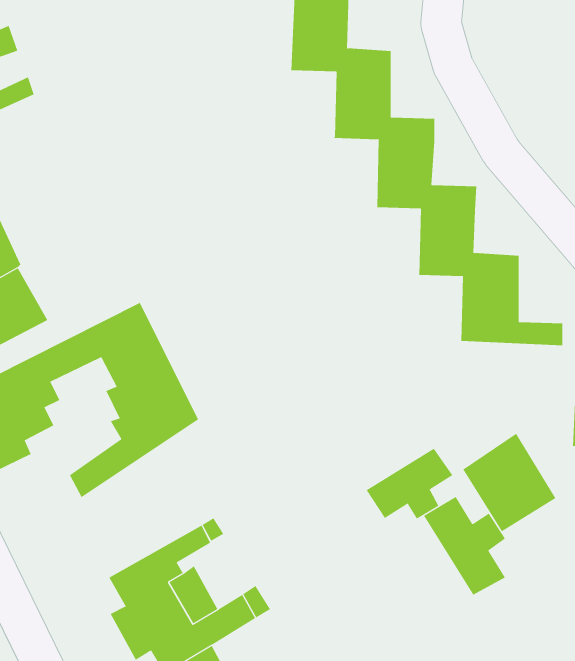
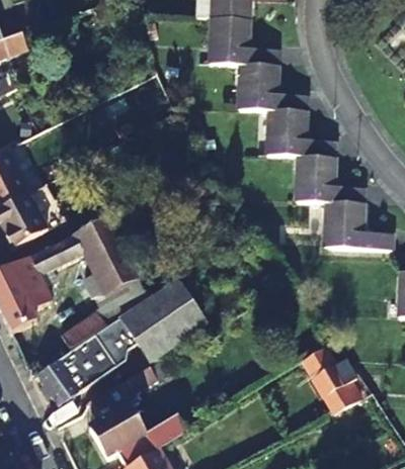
building: none -> [37,281,207,406]
building: [463,433,556,532] -> none
building: [366,448,453,520] -> none

